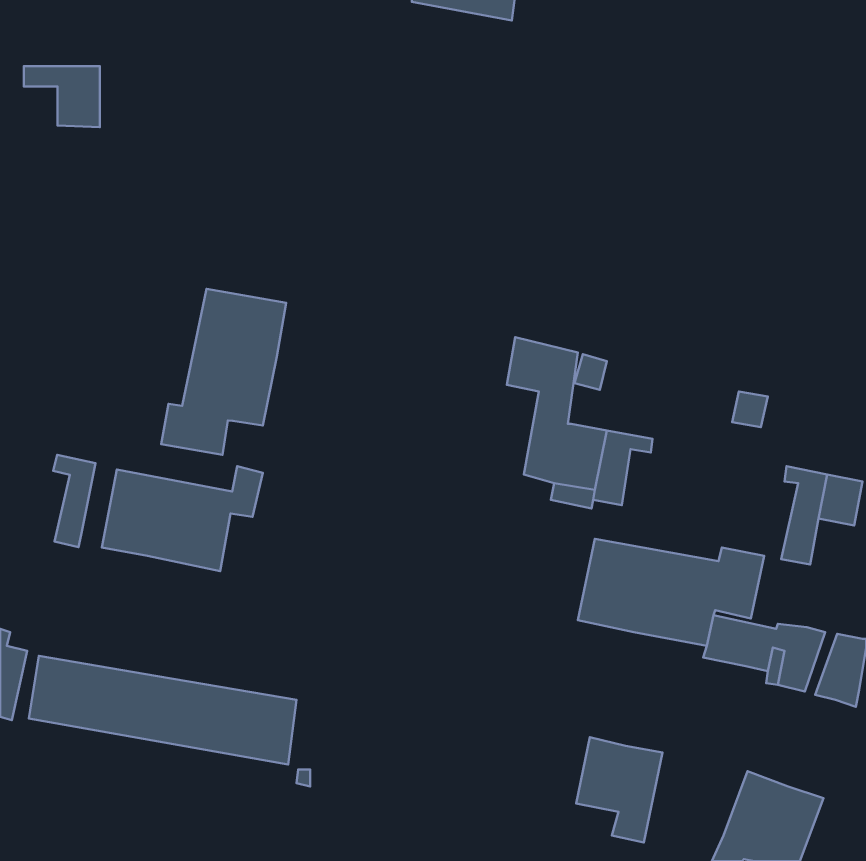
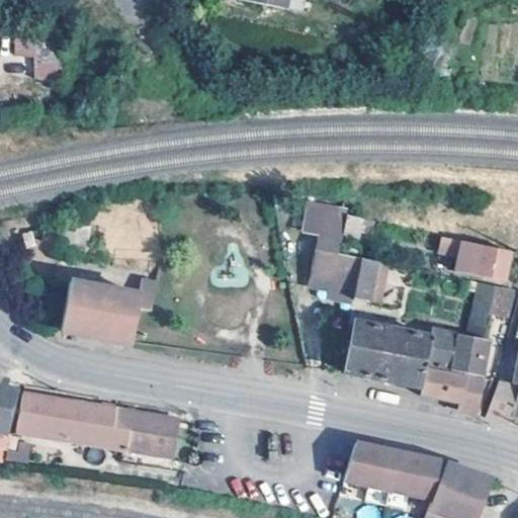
building: [161,289,286,455] -> none
building: none -> [456,240,511,279]
building: [53,455,95,547] -> none
building: none -> [448,332,489,374]
building: none -> [384,449,446,507]

